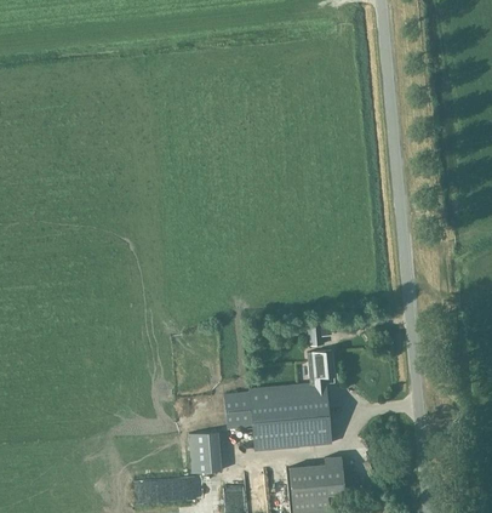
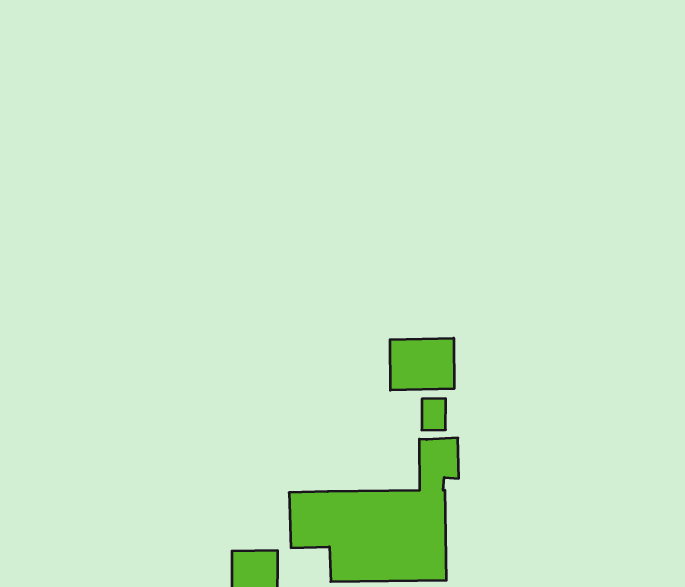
building: none -> [390,338,454,390]

